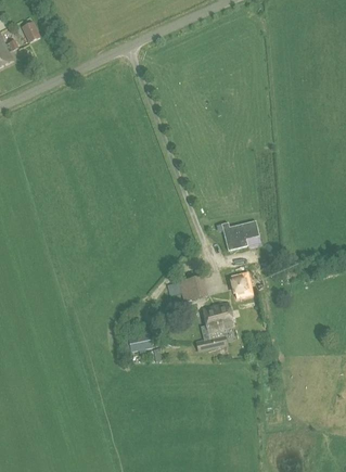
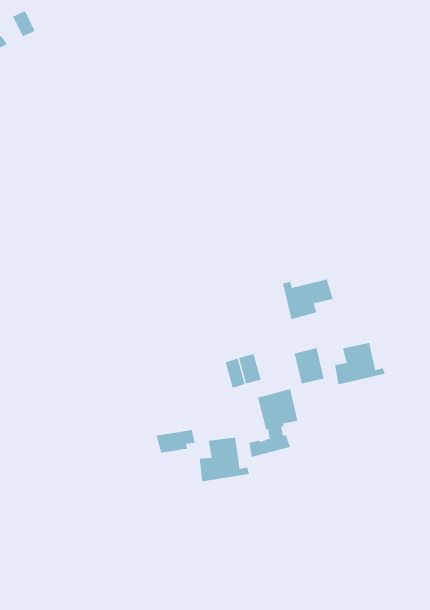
building: none -> [334,342,385,385]
building: none -> [199,437,250,482]

